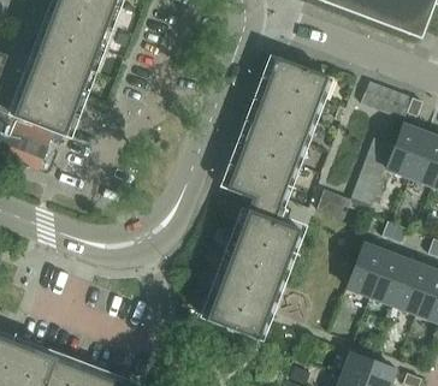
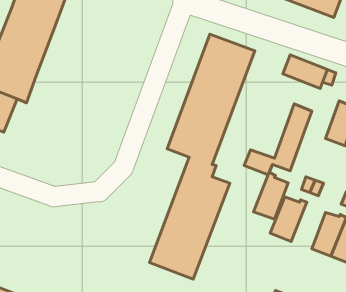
building: [386,121,426,177] -> none
building: [371,250,410,304] -> [254,172,288,219]

